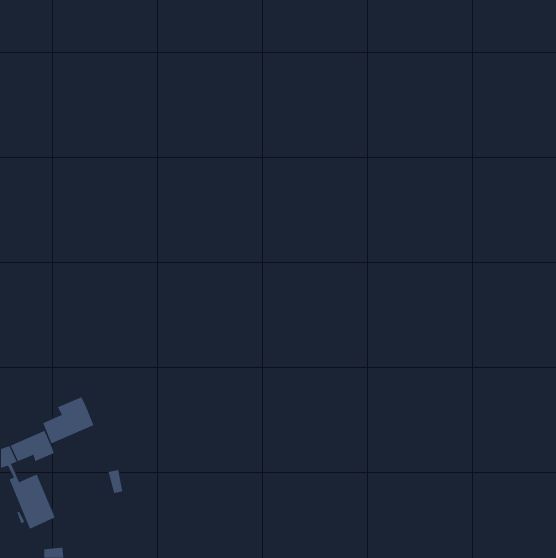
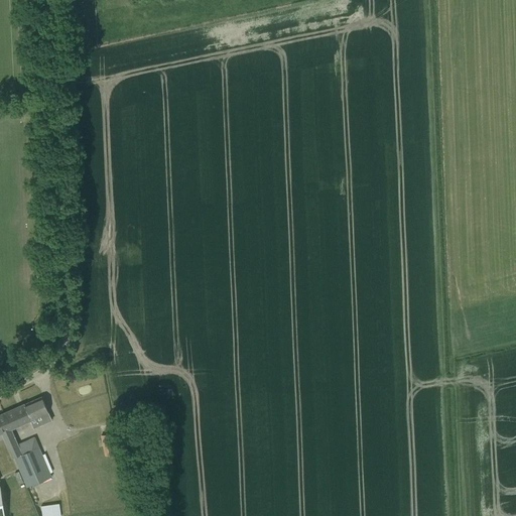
building: [43,396,94,444] -> none

